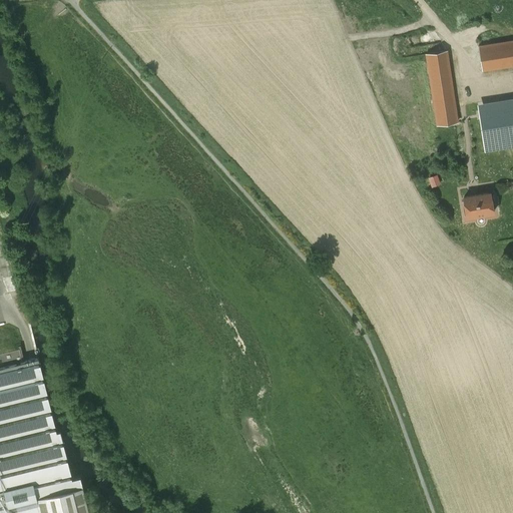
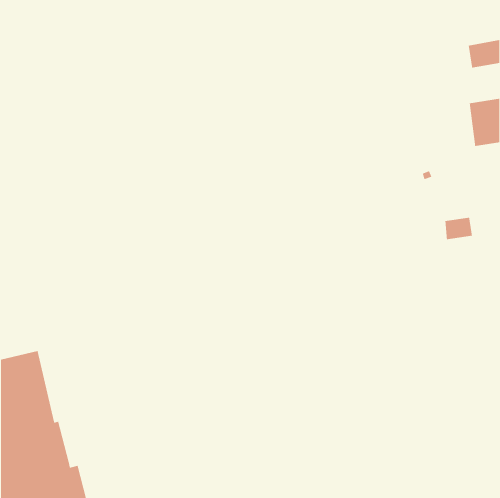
building: [427,53,457,126] -> none
building: [464,194,493,218] -> [444,217,473,240]

